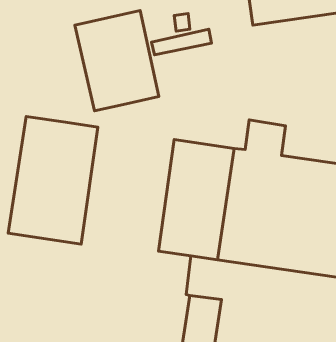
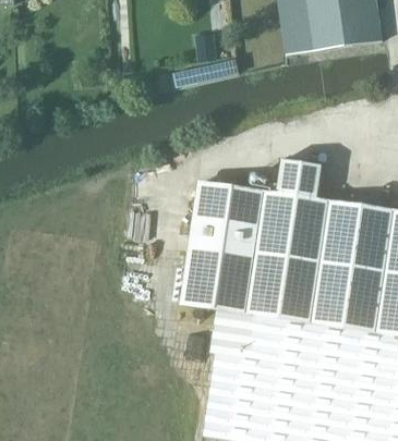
building: [75,11,159,111] -> none
building: [8,117,98,244] -> none

